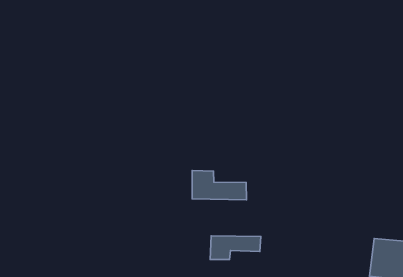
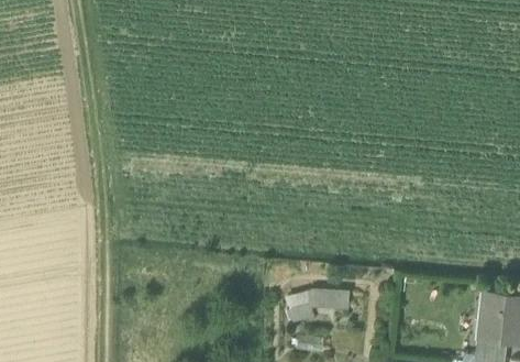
building: [192,170,247,200] -> none

